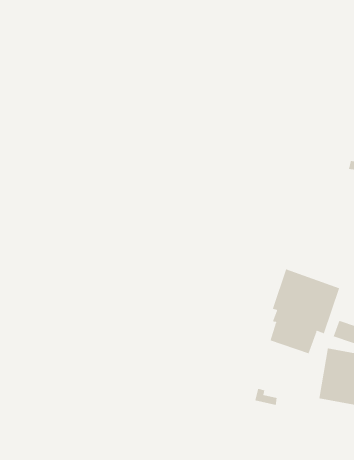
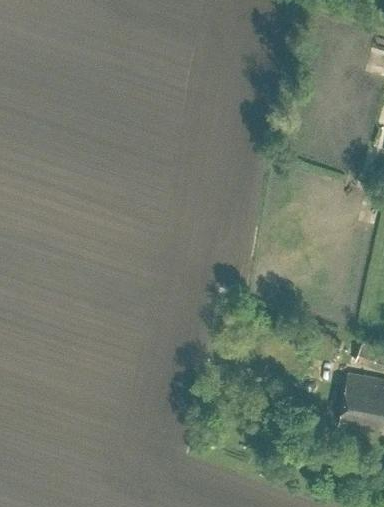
building: [270,269,340,354] -> none

